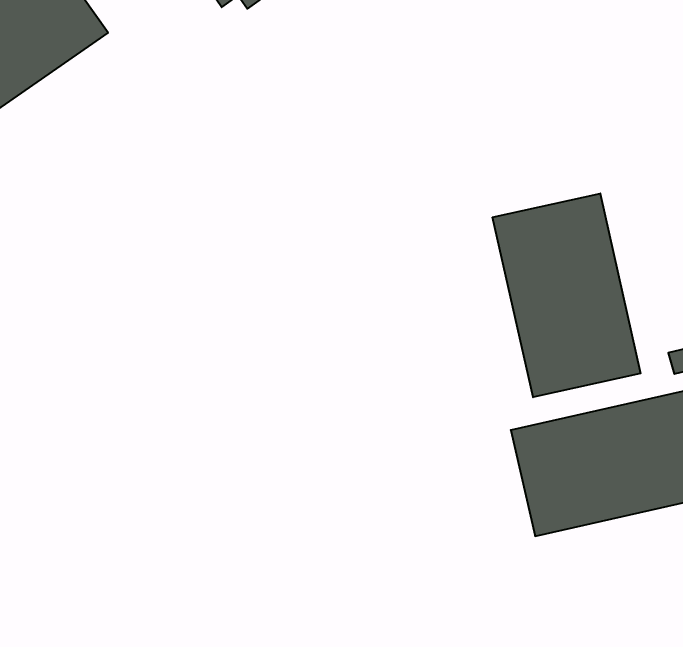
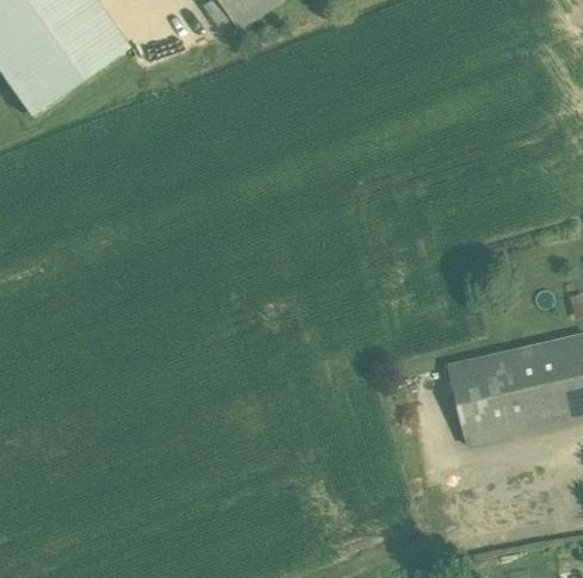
building: [493,193,641,397] -> none

